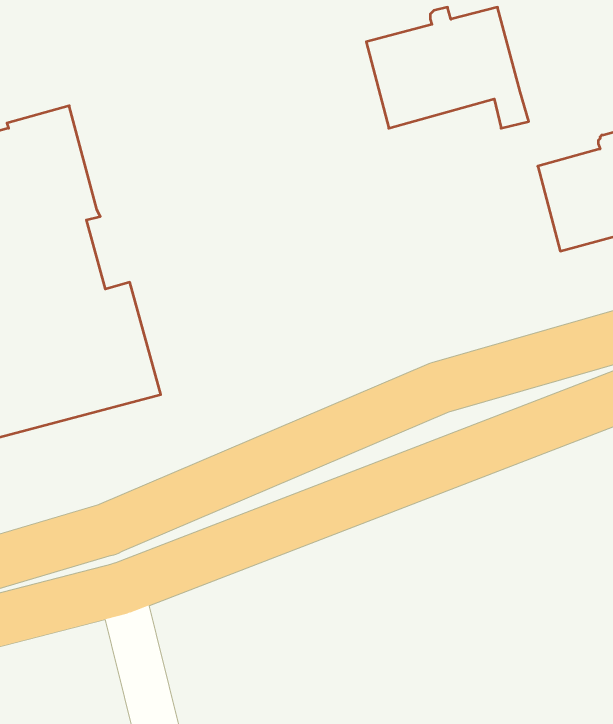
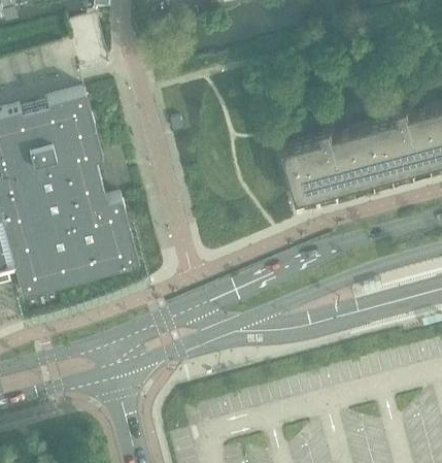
building: [366,7,529,128] -> [284,129,381,201]

